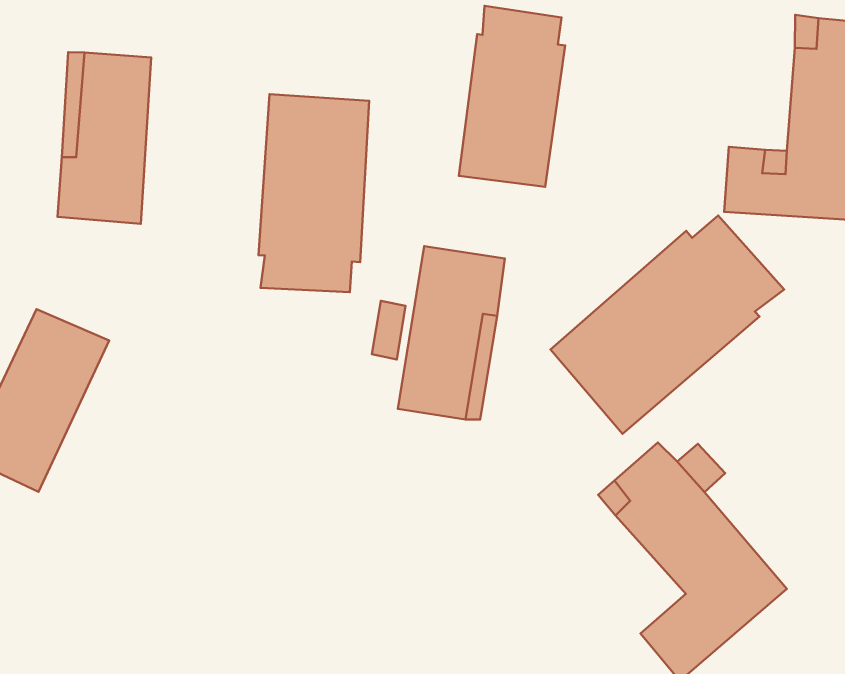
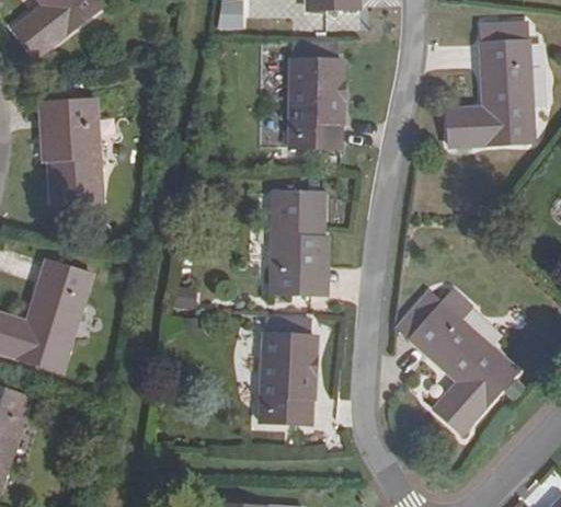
building: [259,94,369,292] -> none
building: [551,216,784,434] -> none
building: none -> [259,316,317,423]

